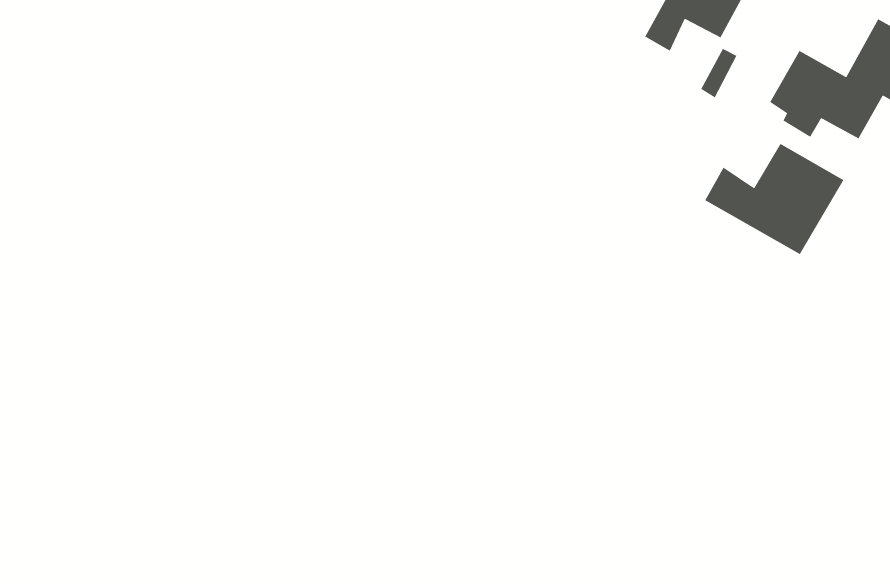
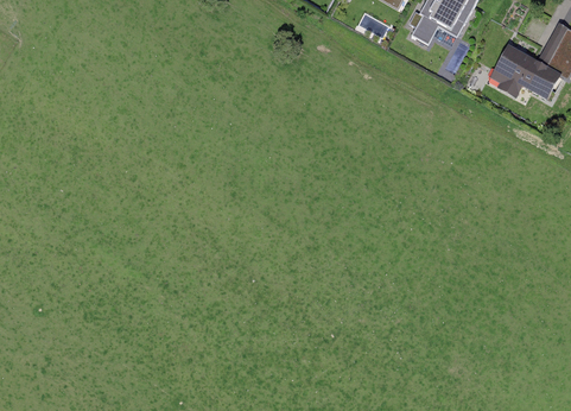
building: [704,143,845,255] -> none

